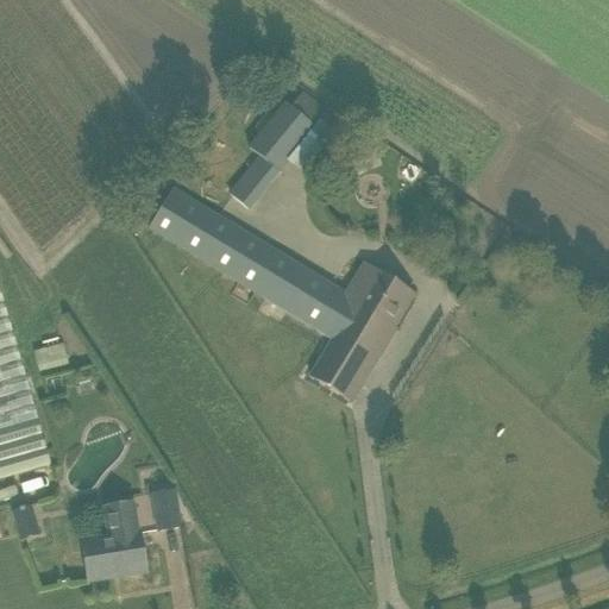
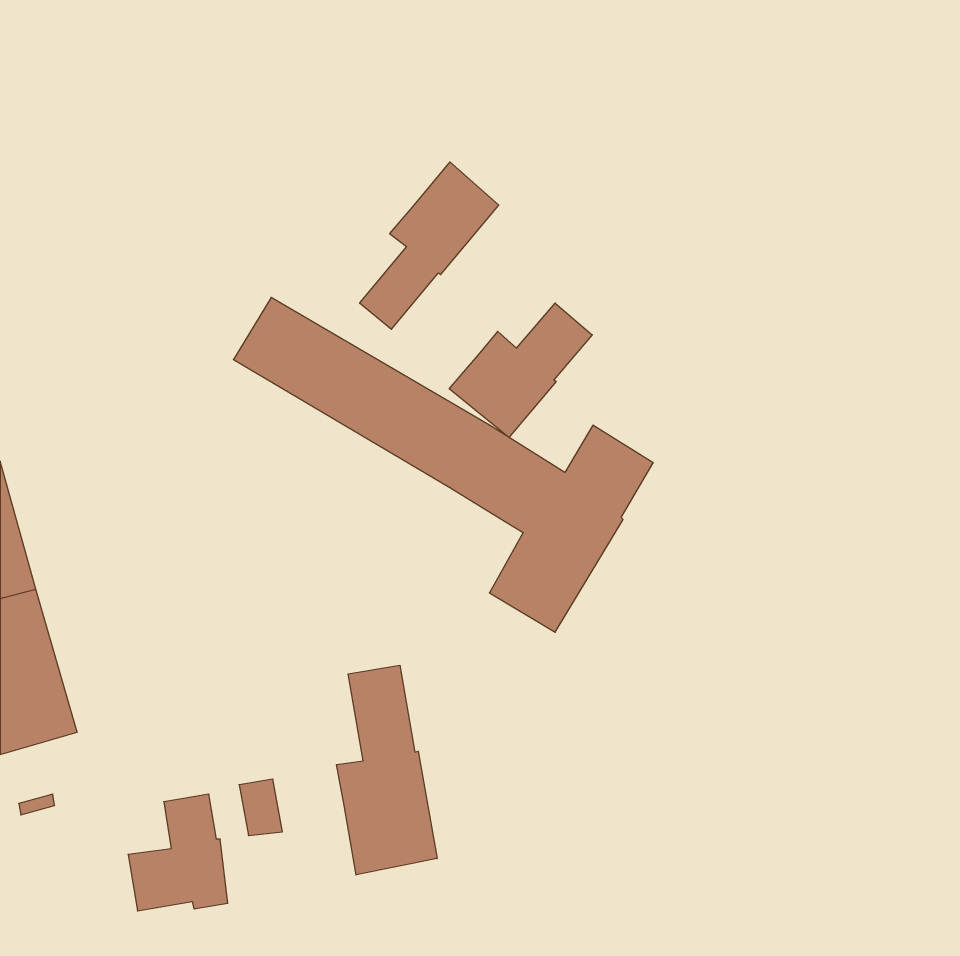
building: none -> [449,303,592,437]
building: none -> [336,665,437,875]

